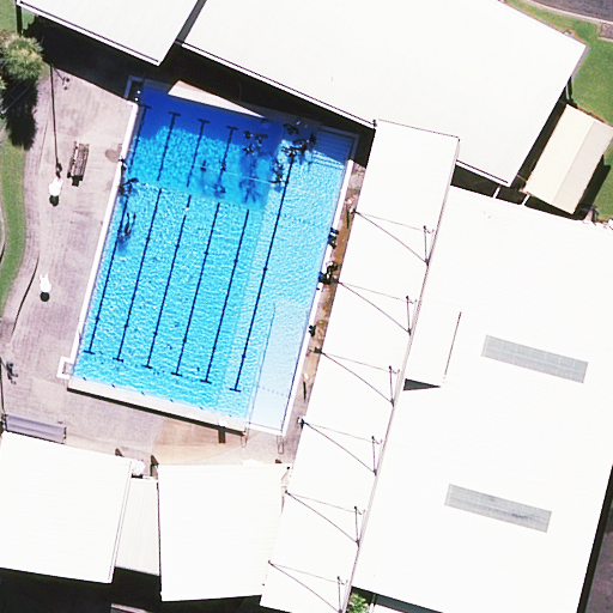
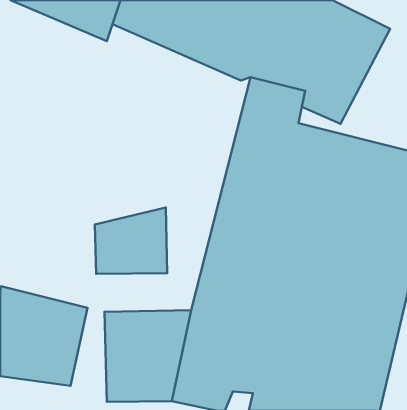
building: none -> [95,207,167,274]

